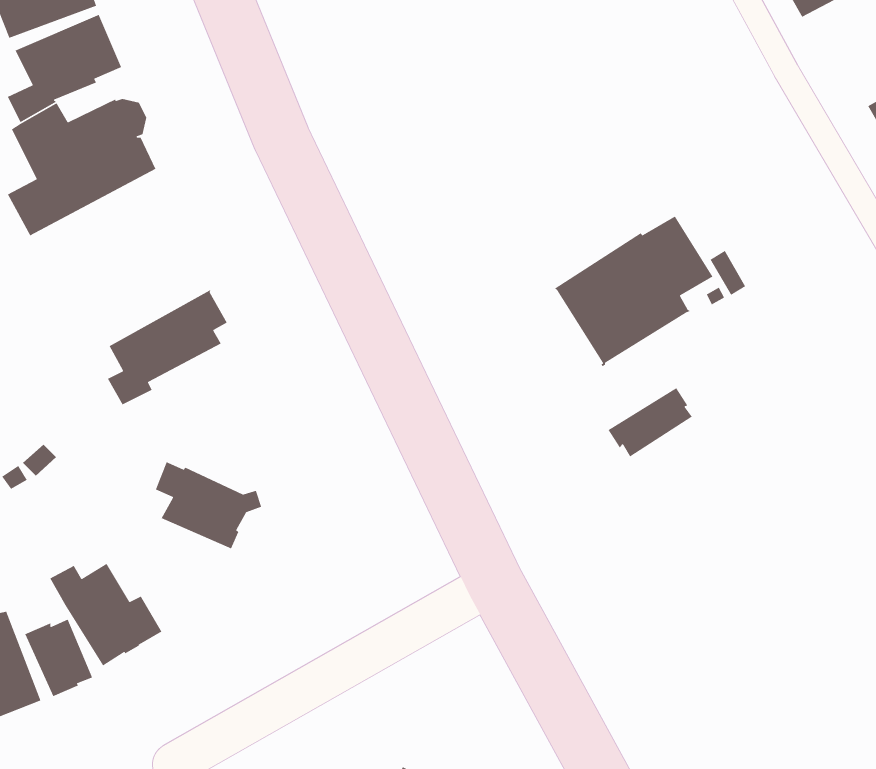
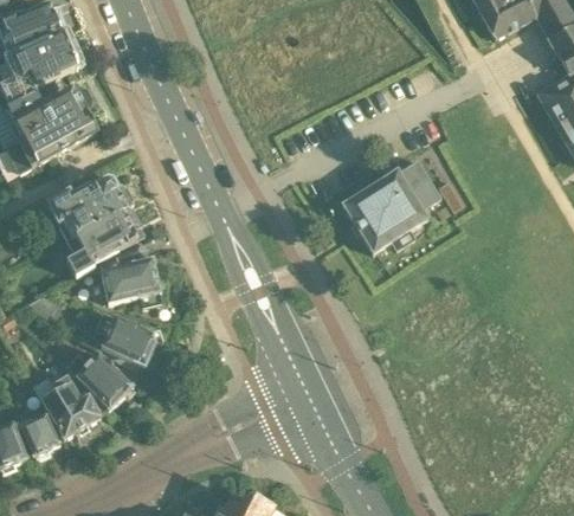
building: none -> [46,179,133,240]
building: none -> [99,243,161,308]
building: [608,387,693,457] -> none
building: none -> [64,353,133,409]

